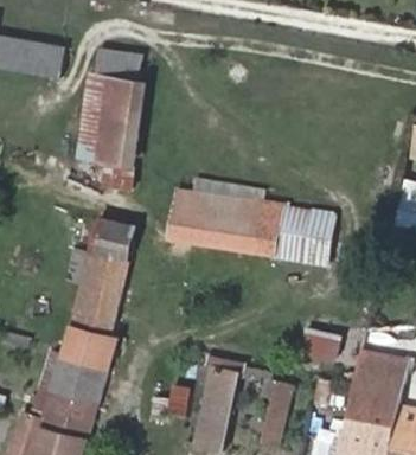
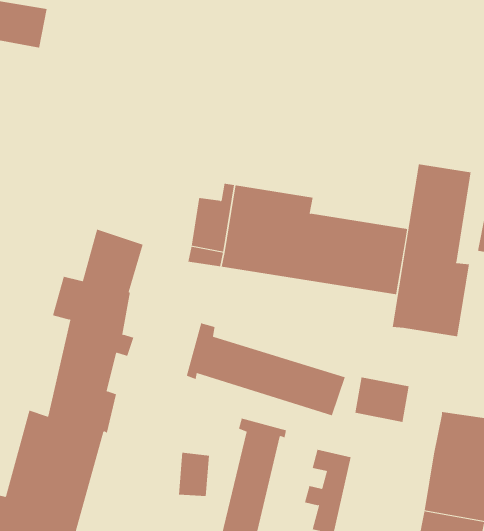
building: [78,51,146,190] -> none
building: none -> [392,164,471,337]
building: none -> [186,323,345,416]

